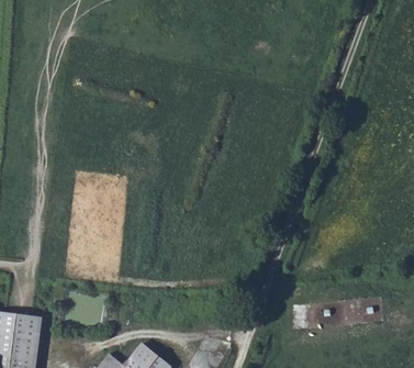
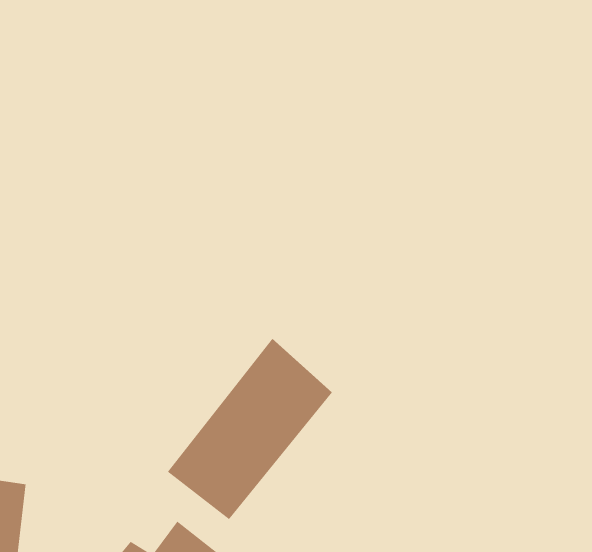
building: none -> [167,338,333,520]

